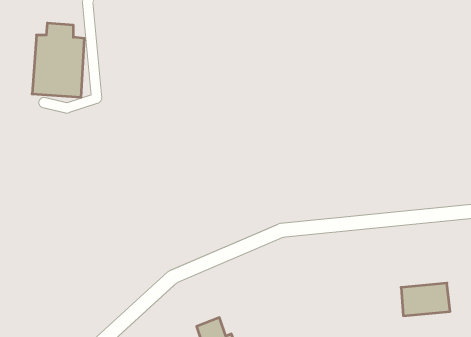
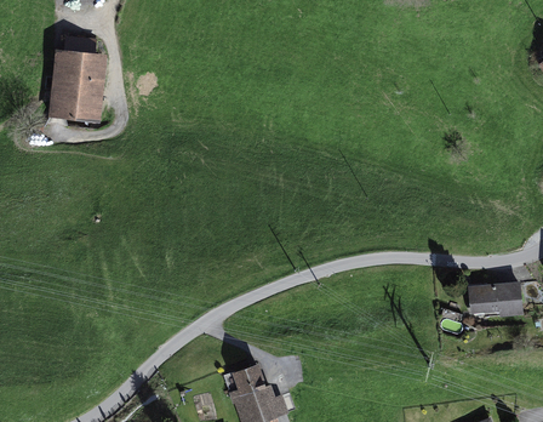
building: [401,283,450,316] -> [469,283,524,319]

